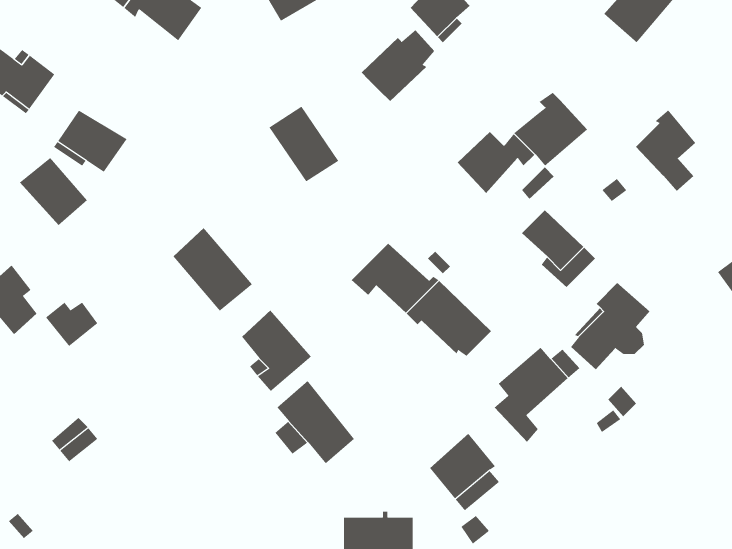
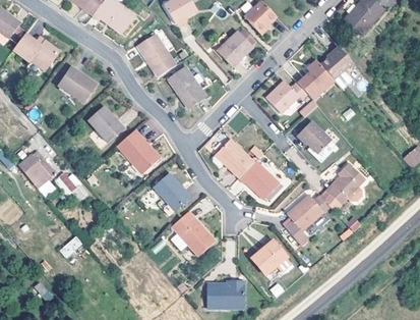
building: none -> [138,35,176,78]
building: [635,110,696,192] -> [320,46,352,89]
building: [19,157,88,226] -> [87,107,123,143]

